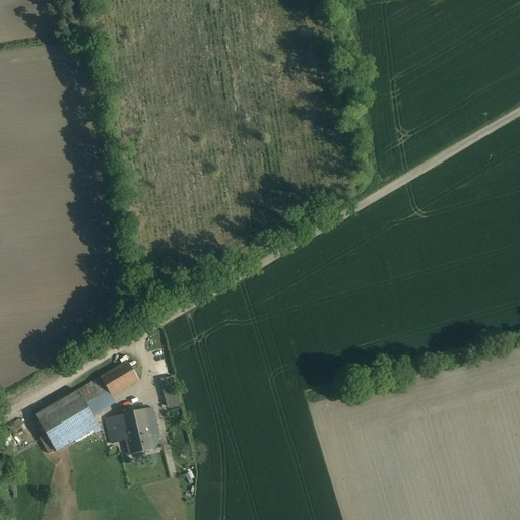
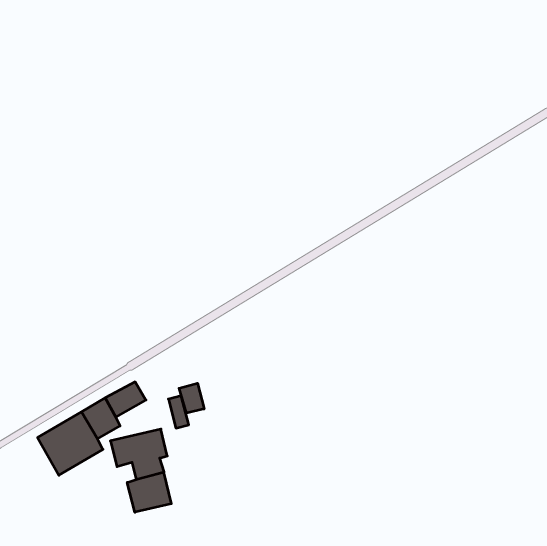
building: none -> [179,383,204,413]
building: none -> [127,472,171,512]

